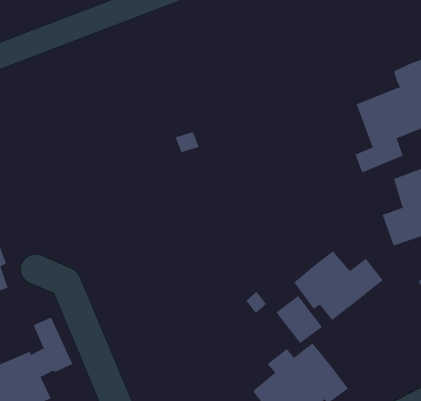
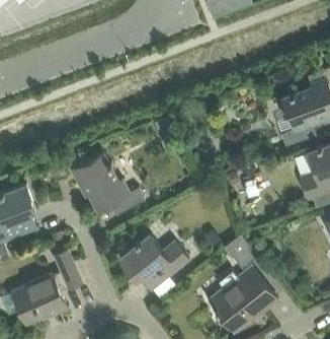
building: none -> [71,154,145,216]
building: [293,251,383,321] -> none
building: none -> [119,235,188,288]

